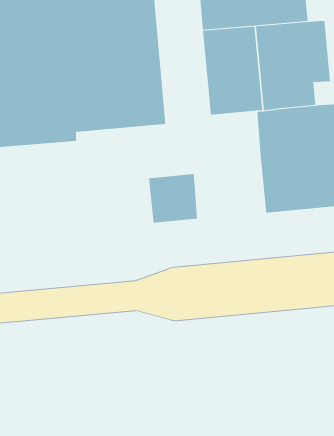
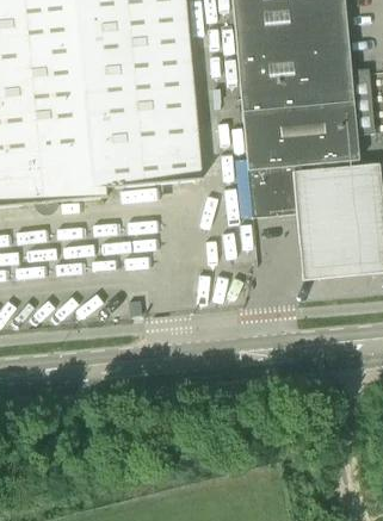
building: [148,174,198,223] -> [246,165,298,217]

